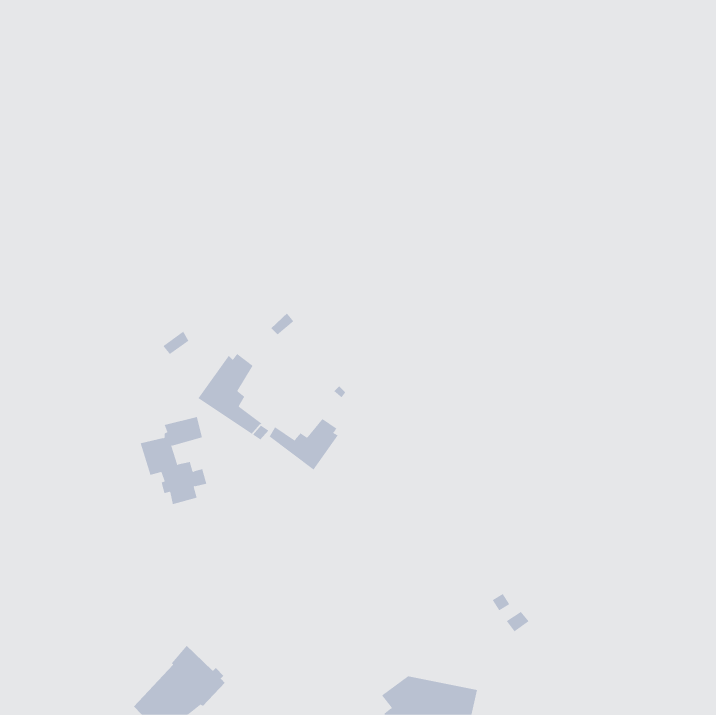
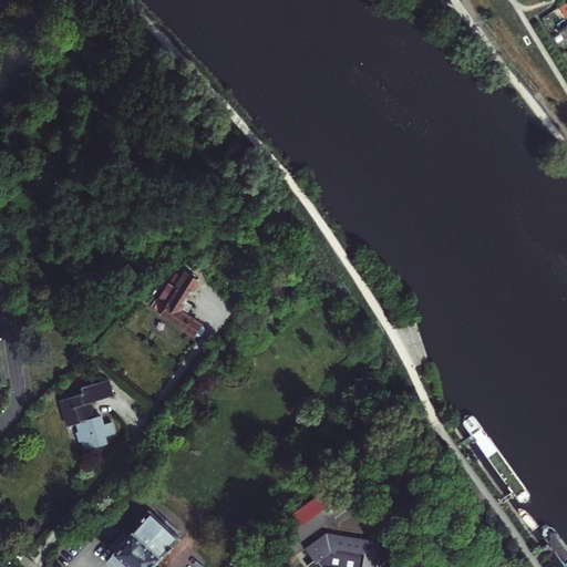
building: [140,417,207,505] -> [62,379,115,449]
building: [269,418,339,471] -> none

